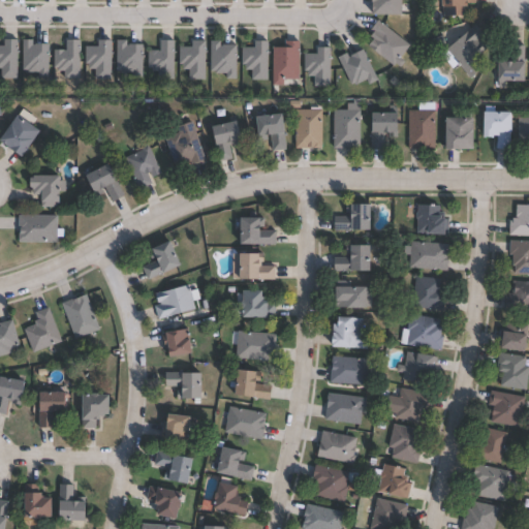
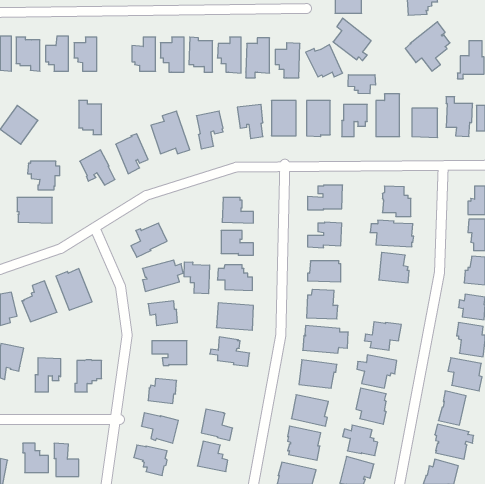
building: [113,40,137,77] -> [79,100,102,135]
building: none -> [348,75,375,94]
building: none -> [184,262,210,294]
building: [407,313,443,349] -> none
building: [224,405,268,439] -> none

